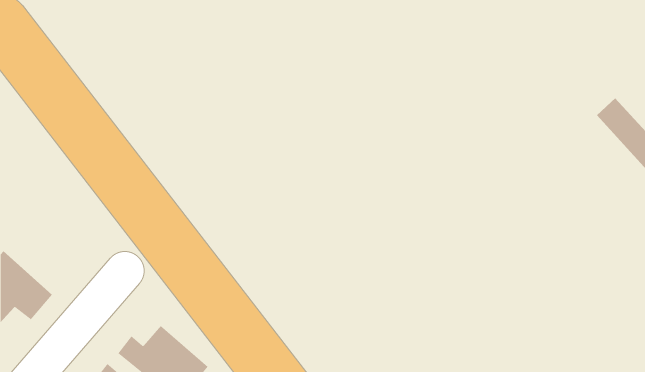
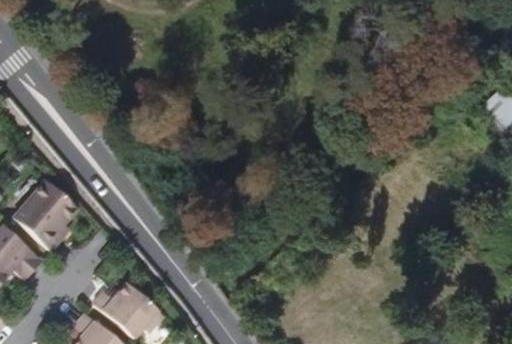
building: none -> [13,180,76,250]

